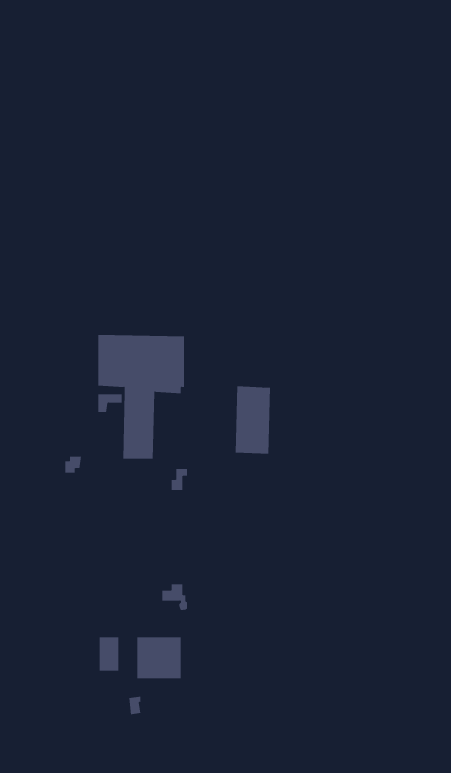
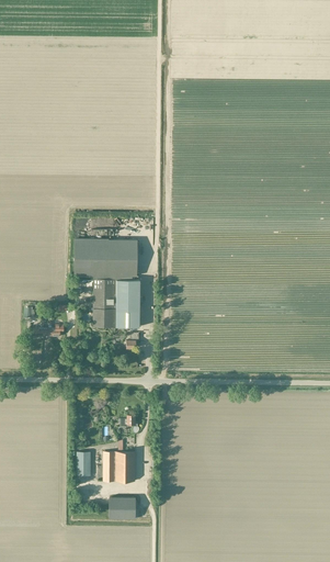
building: [235,386,271,454] -> [115,280,140,328]
building: none -> [110,497,139,519]

